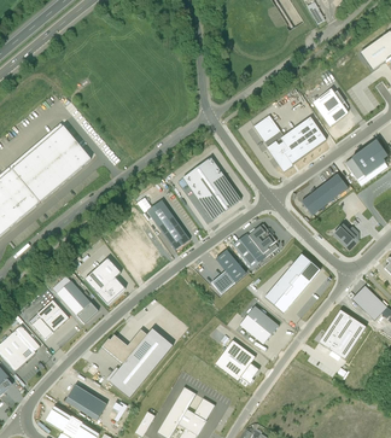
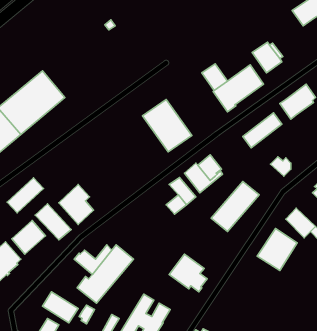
building: [146,200,188,250] -> none
building: none -> [7,178,44,213]
building: [238,306,278,345] -> none

